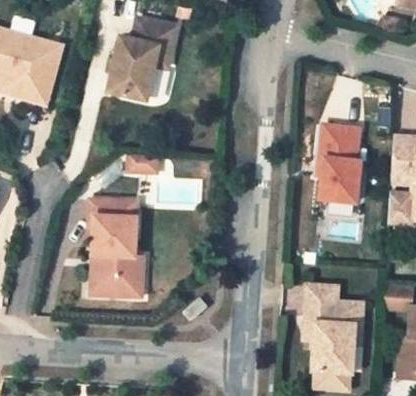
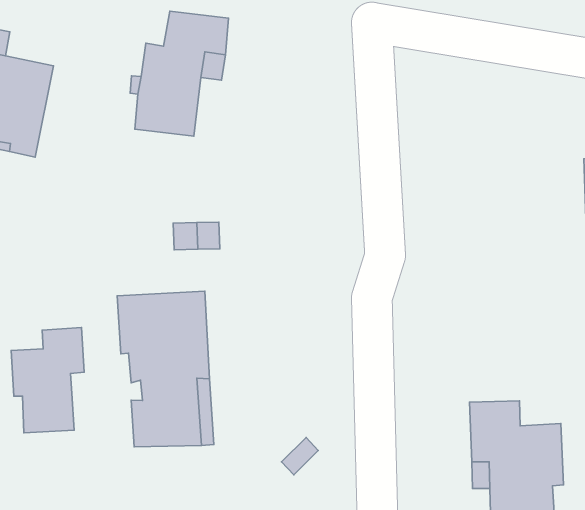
building: [319,125,360,202] -> none
building: none -> [11,327,84,433]

